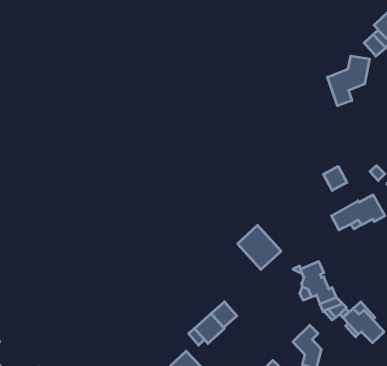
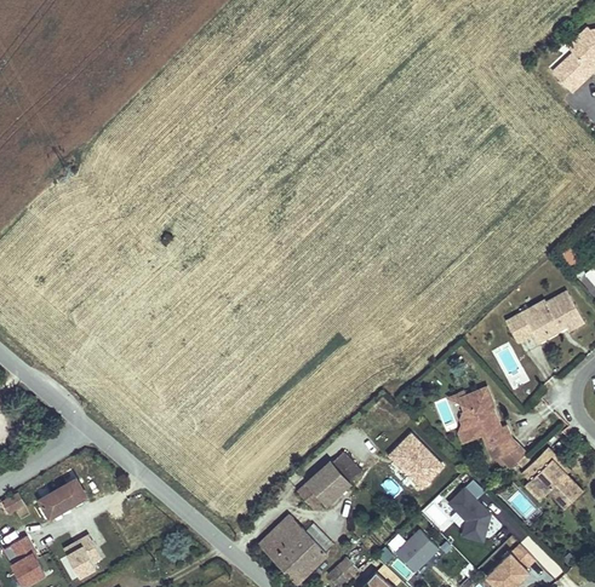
building: [327,56,370,106] -> none
building: [323,166,347,191] -> none
building: [238,225,281,270] -> [381,433,444,497]
building: none -> [39,480,86,518]

